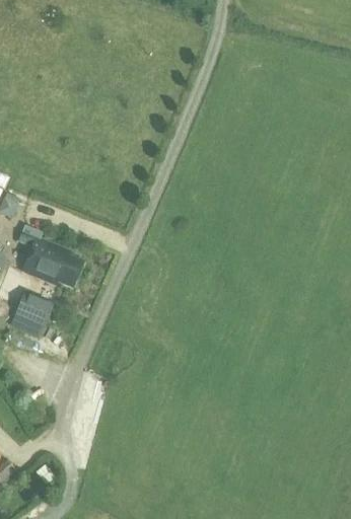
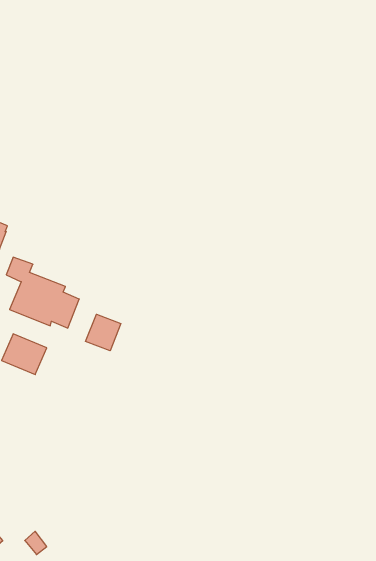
building: none -> [86,314,121,351]

